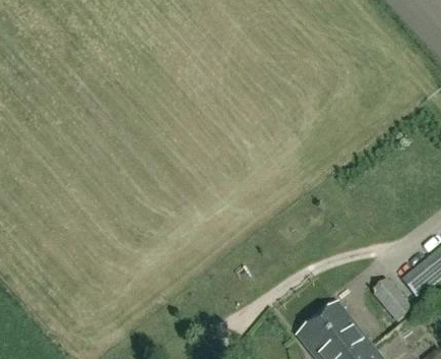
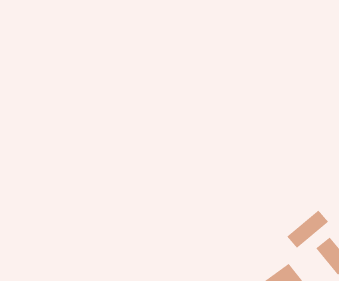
building: none -> [286,209,329,249]

